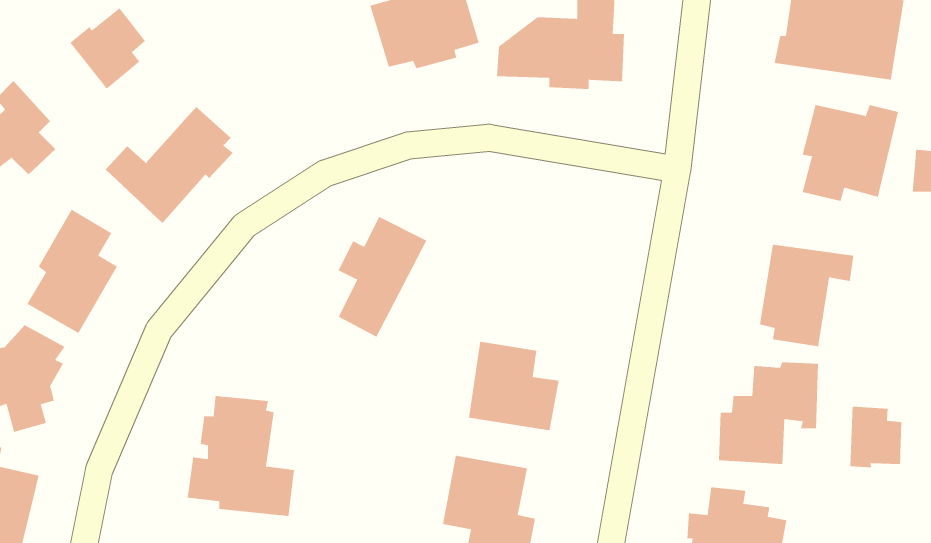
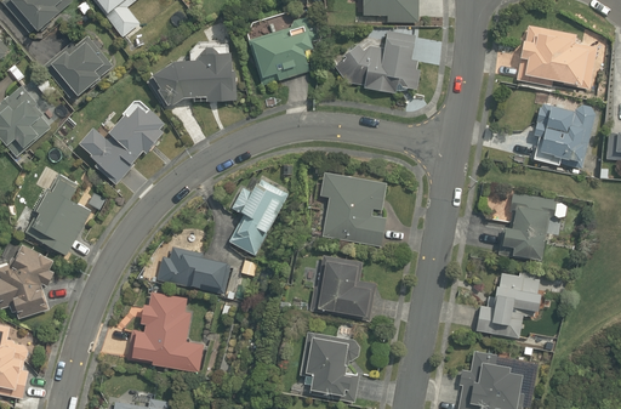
building: none -> [156,49,234,107]
building: none -> [319,171,386,246]
building: none -> [159,246,229,286]
building: [850,406,902,468] -> none

